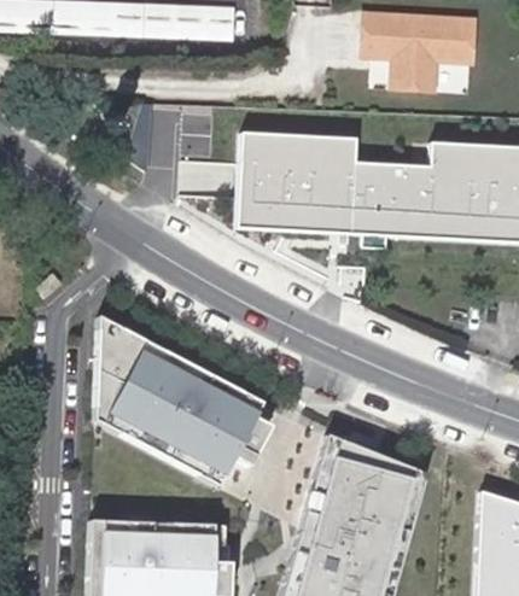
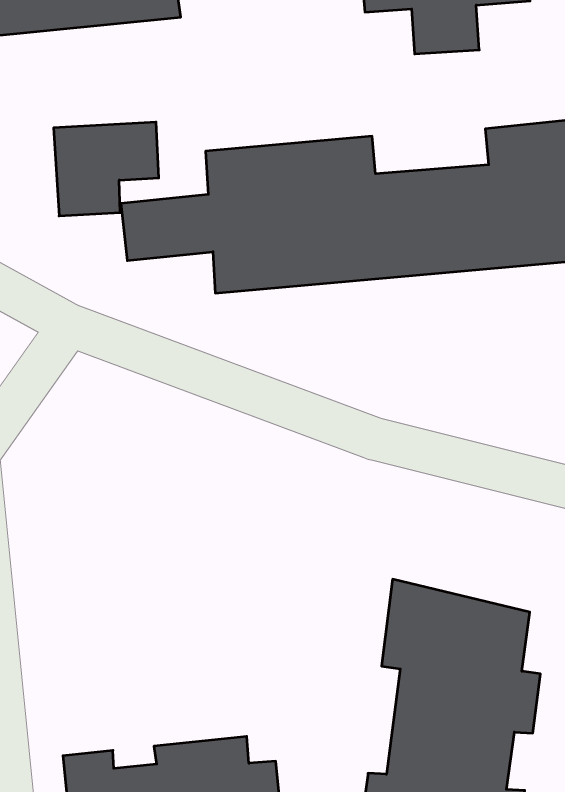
building: [93,327,274,485] -> none

